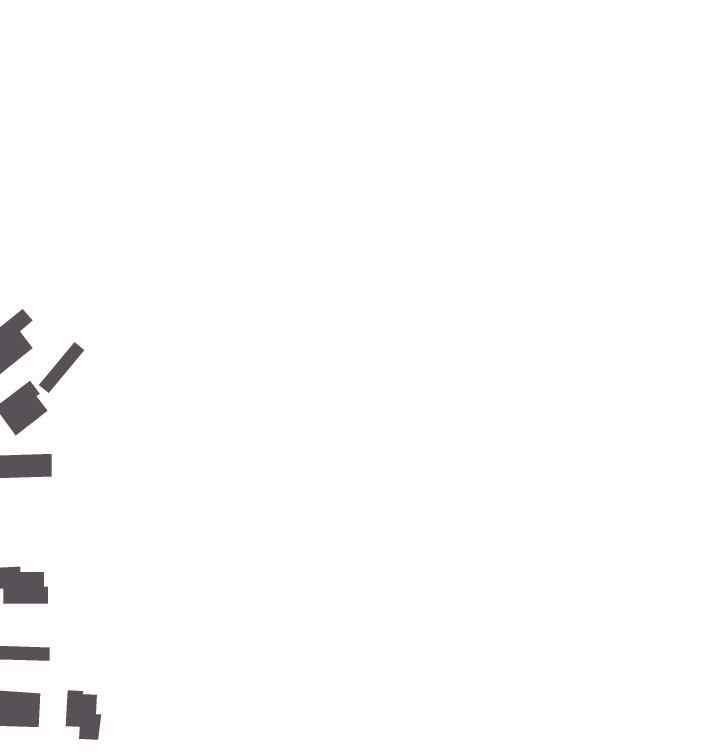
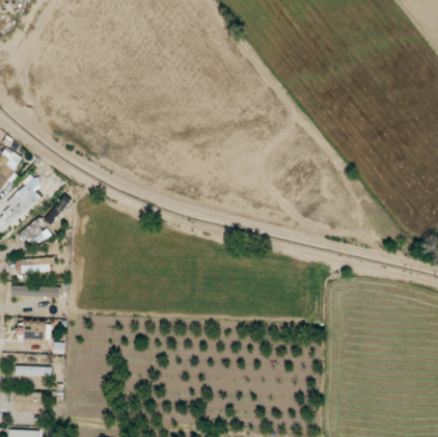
building: [65,689,102,741] -> none

